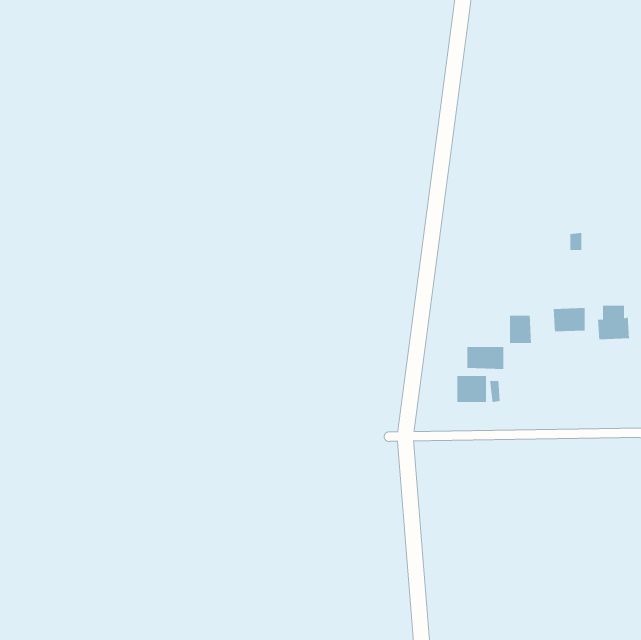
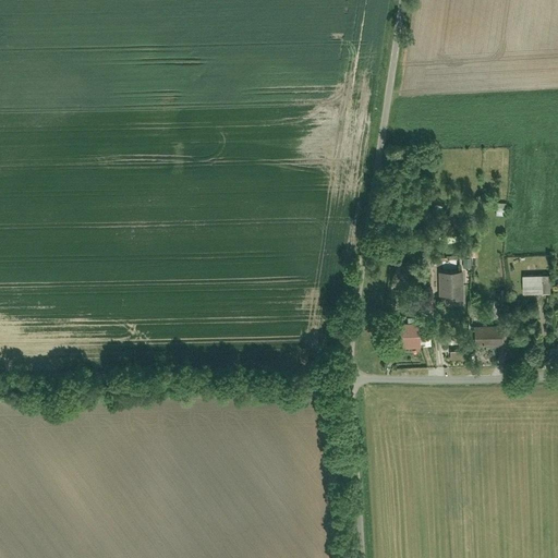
building: [553,307,586,332] -> [476,326,505,348]
building: [467,346,504,370] -> none

